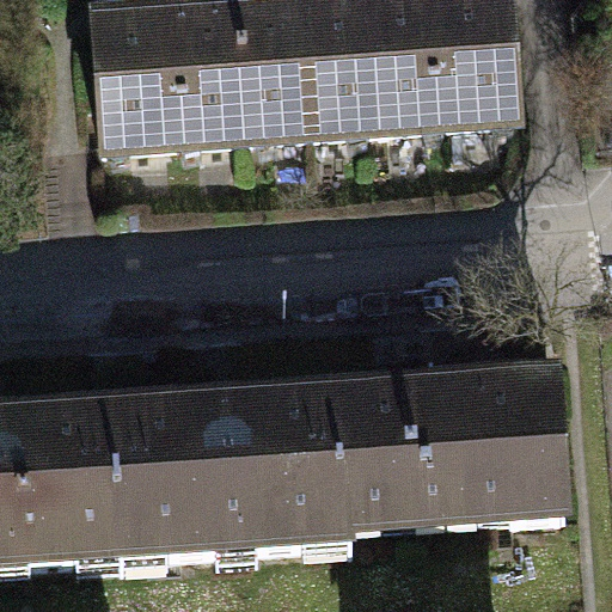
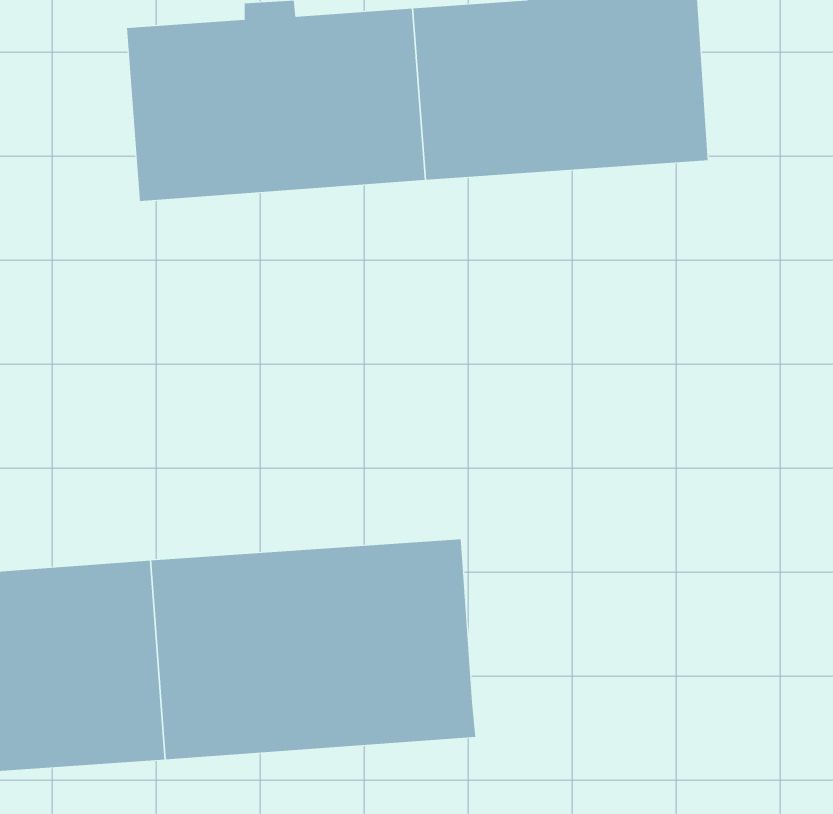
building: [337,378,564,515] -> none

